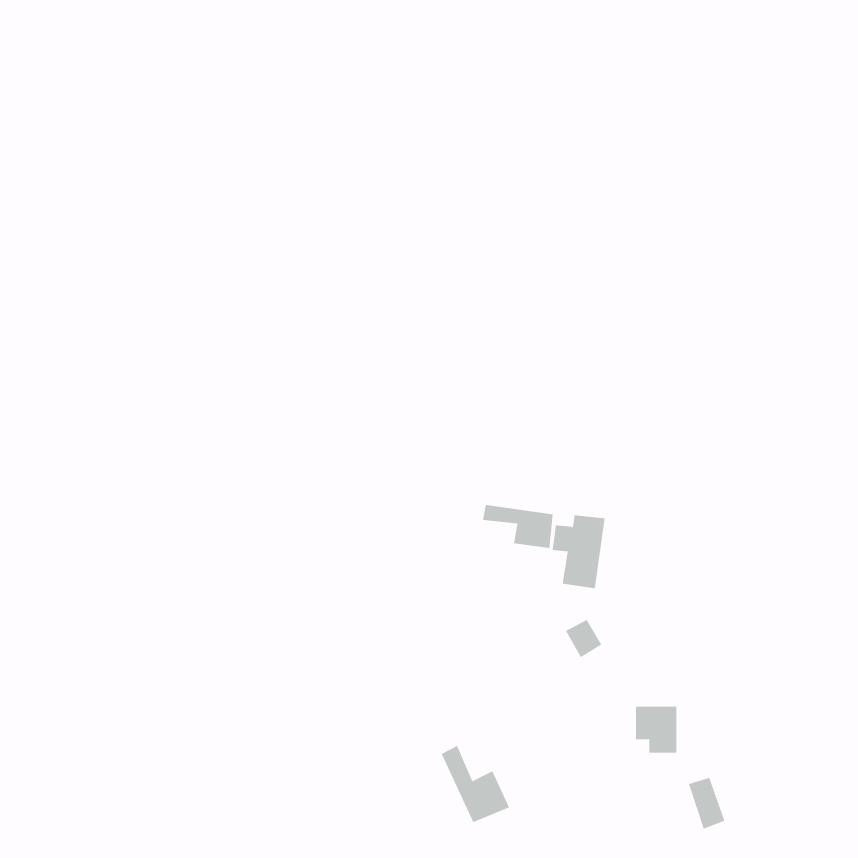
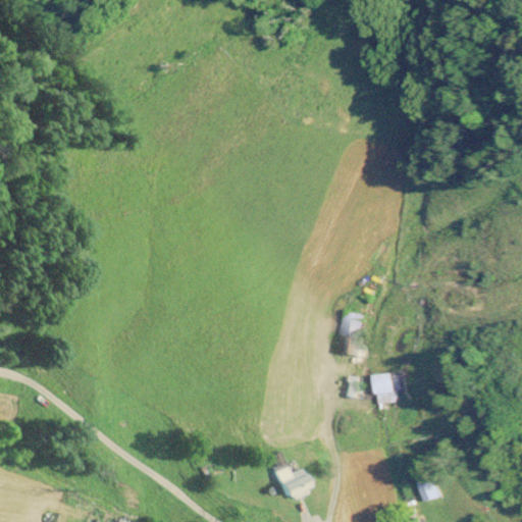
building: [483,504,553,549] -> none
building: [635,706,677,753] -> [373,375,399,404]

